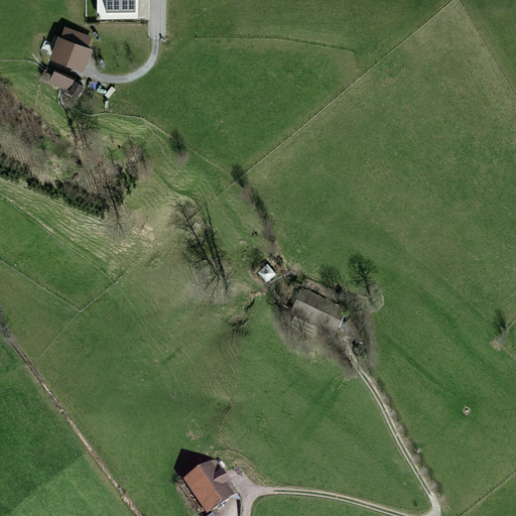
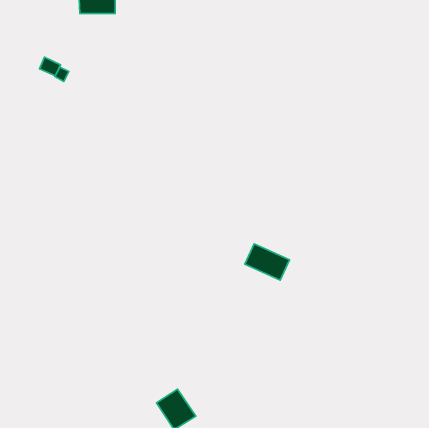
building: [51,24,91,66] -> none

